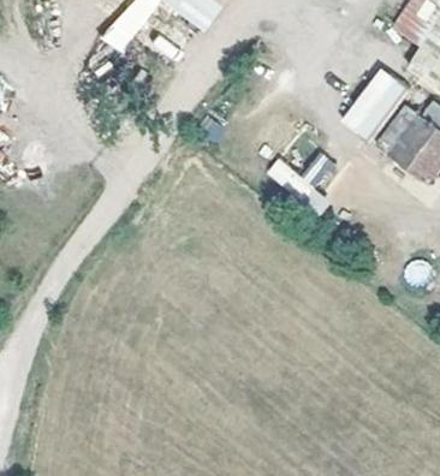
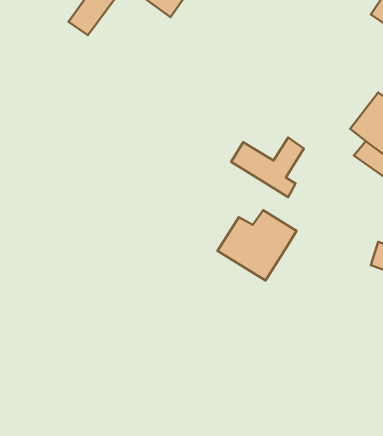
building: [338,66,405,141] -> none
building: none -> [217,210,297,281]

